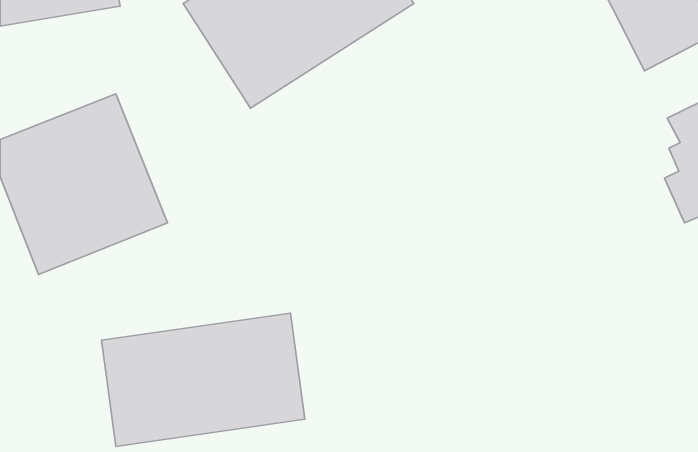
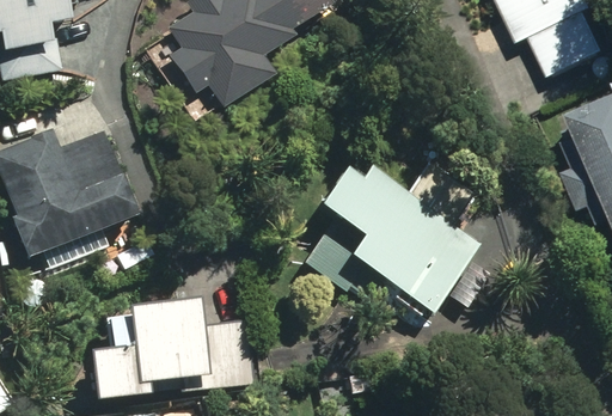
building: none -> [296,165,476,322]

